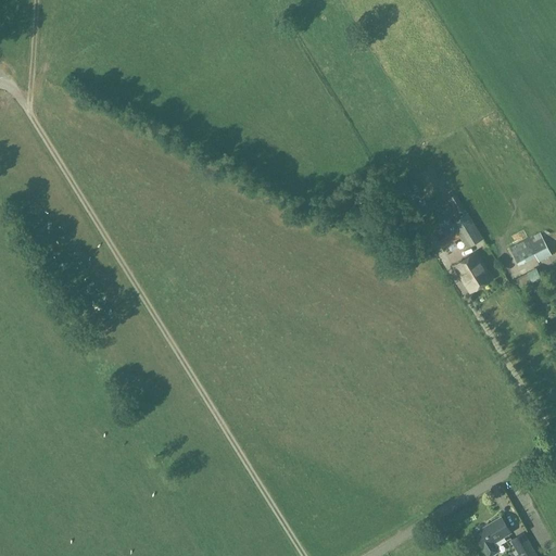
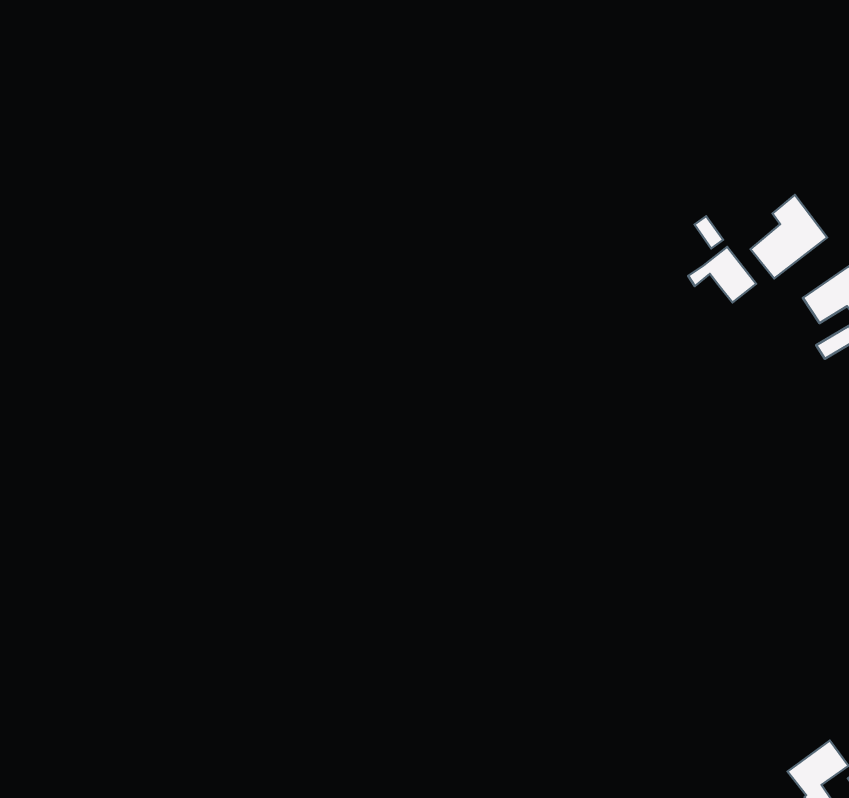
building: none -> [750,195,827,279]
building: [454,253,491,292] -> none

